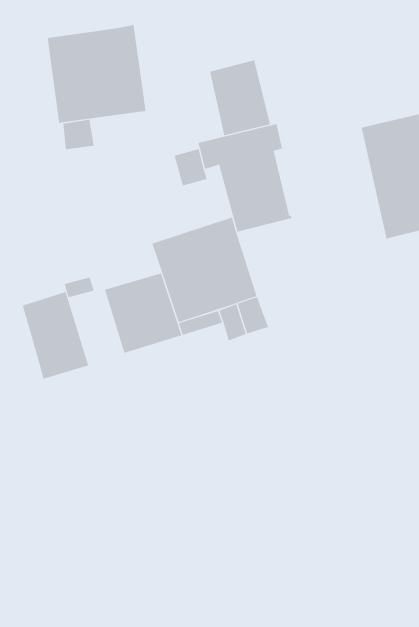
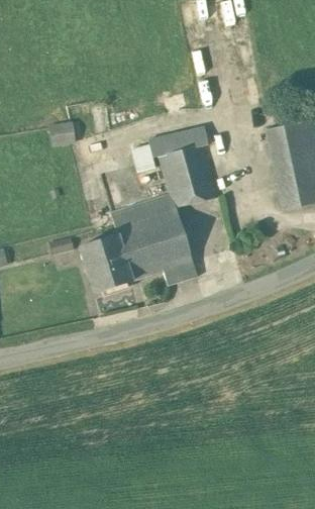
building: [47,24,146,124] -> none
building: [209,59,271,136] -> none
building: [22,291,89,379] -> none

